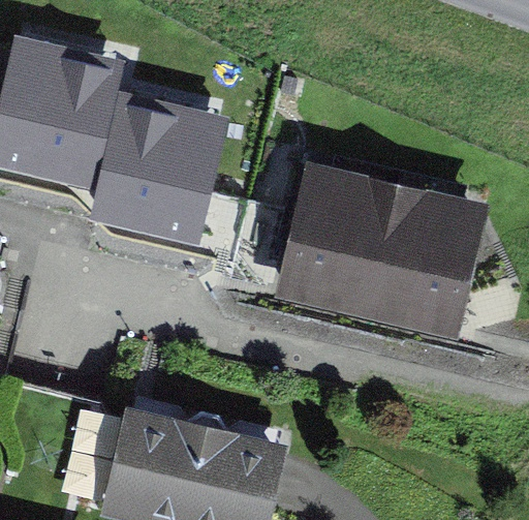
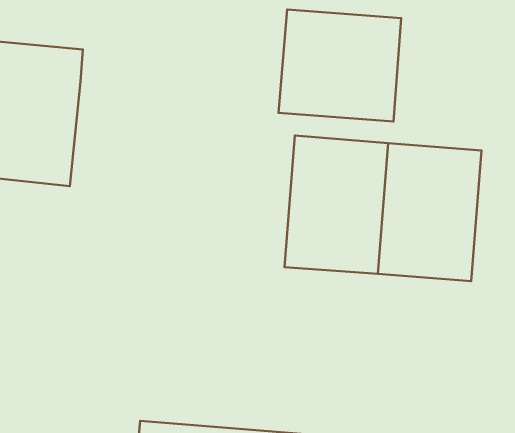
building: none -> [279,9,401,122]
building: [89,94,224,242] -> none

